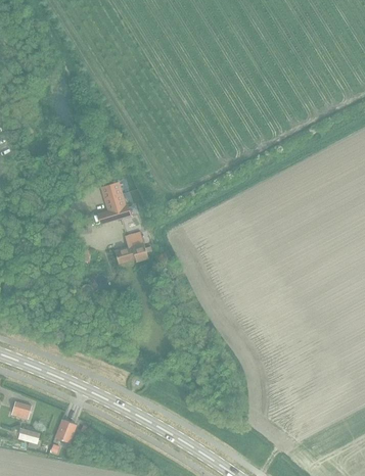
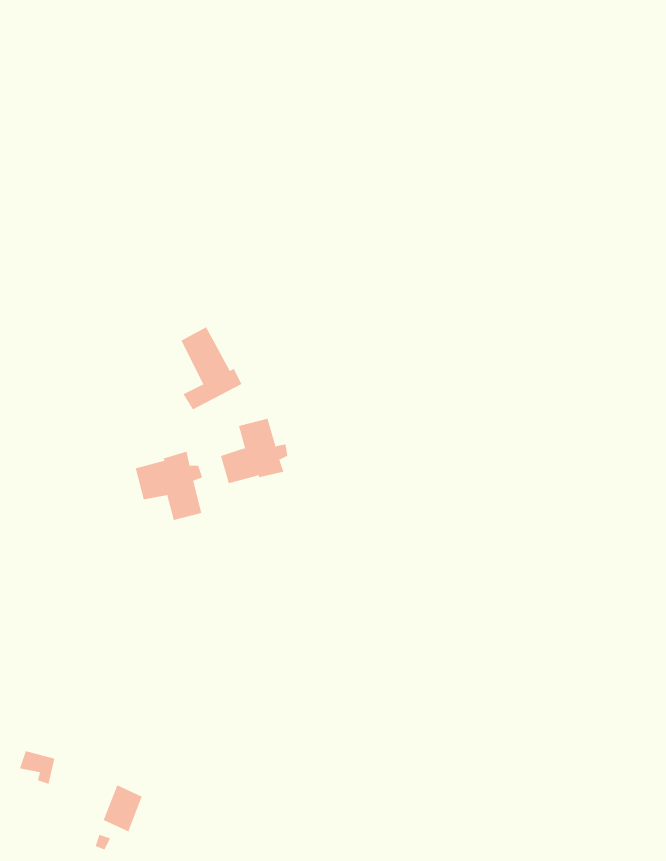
building: none -> [135,451,203,521]

